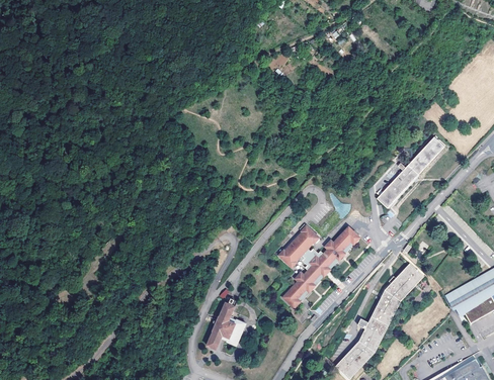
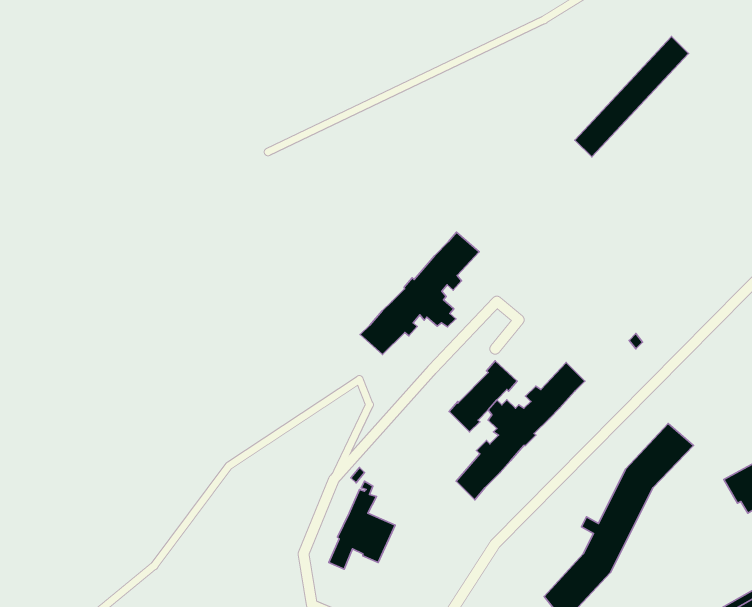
building: [378,135,445,207] -> [575,37,688,157]
building: none -> [360,232,479,354]

